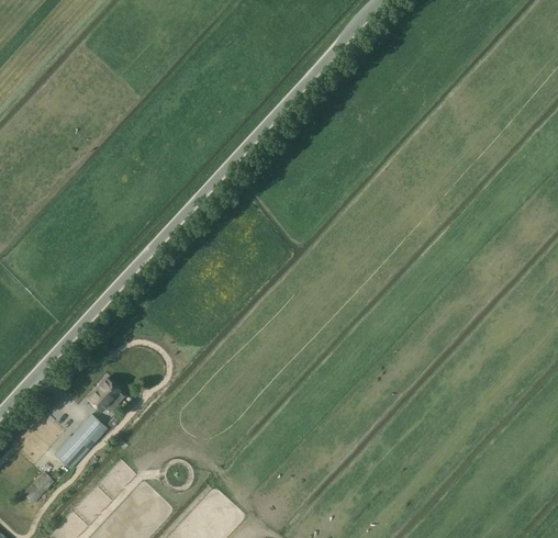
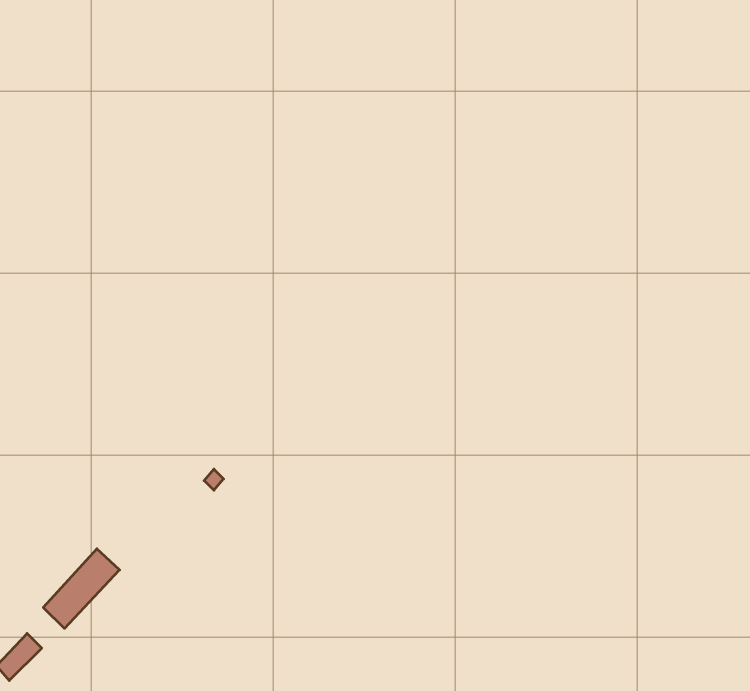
building: [88,379,119,411] -> none

